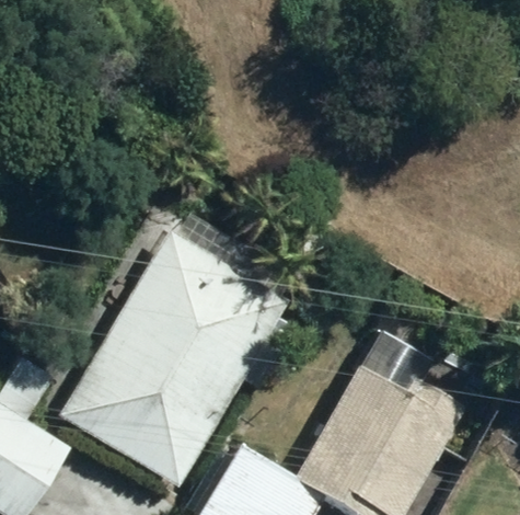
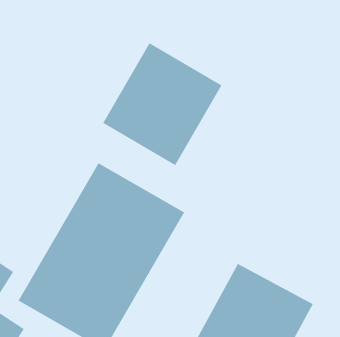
building: none -> [102,42,223,166]

